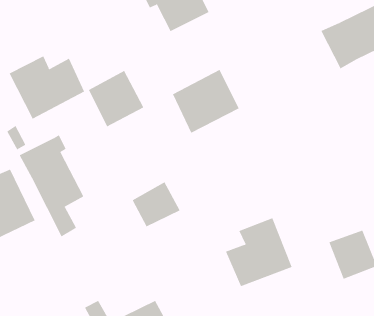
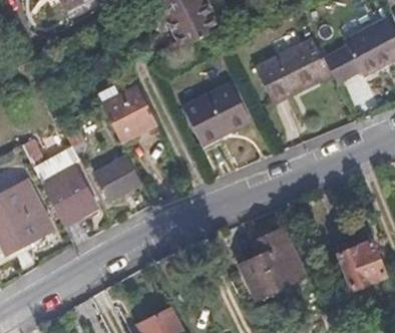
building: none -> [256,42,324,104]
building: [9,55,85,119] -> none
building: [132,182,180,227] -> [97,156,144,201]

